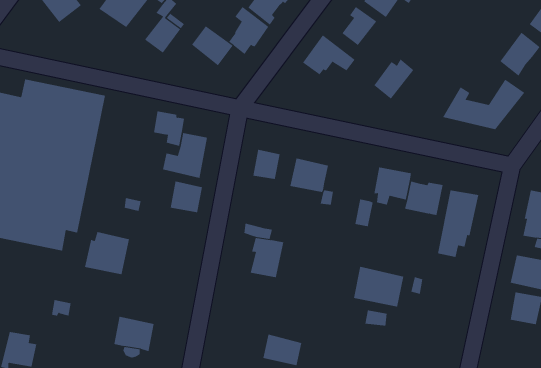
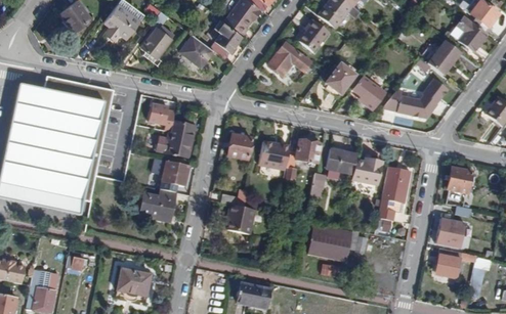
building: none -> [351,75,386,110]
building: none -> [295,139,321,163]
building: [84,231,130,275] -> [139,186,176,221]

